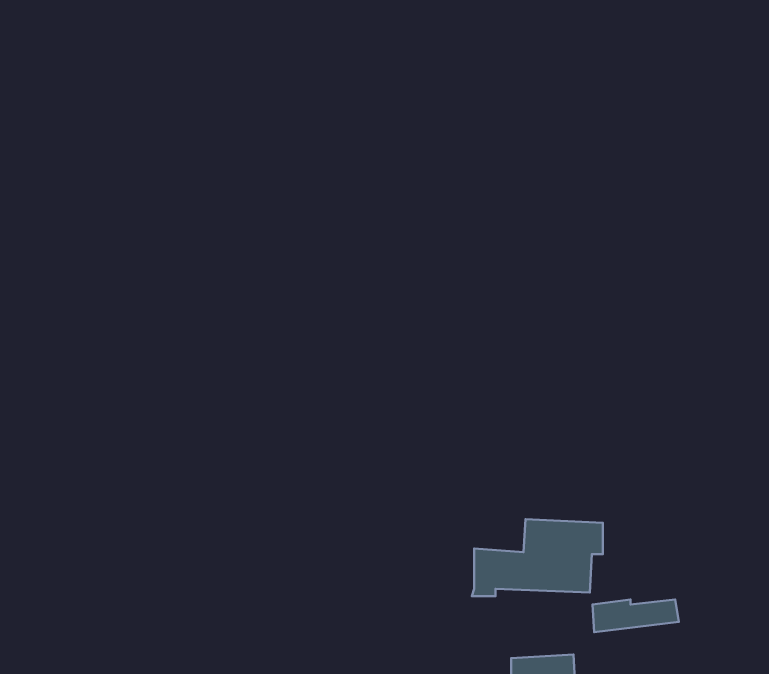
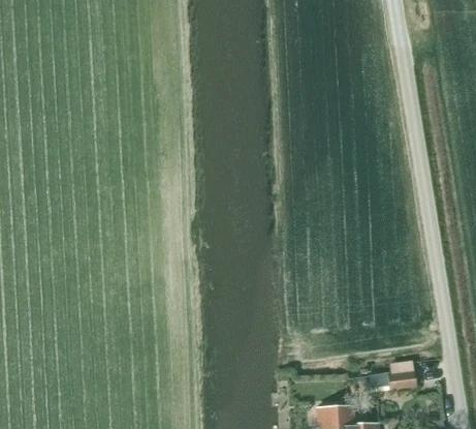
building: [472,519,603,596] -> none

